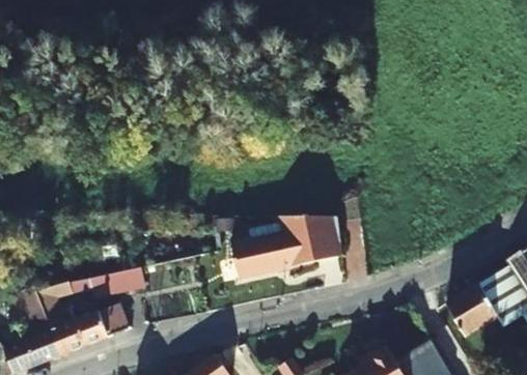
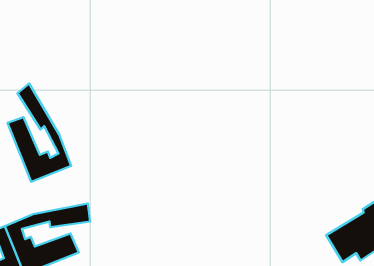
building: none -> [7,83,71,182]
building: [230,211,341,272] -> none

